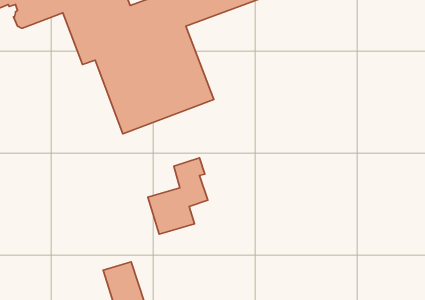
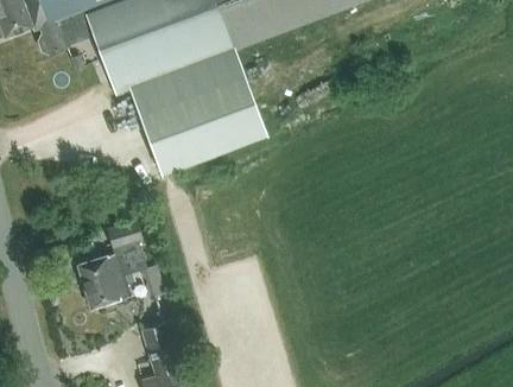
building: [148,158,208,234] -> [76,218,145,306]

